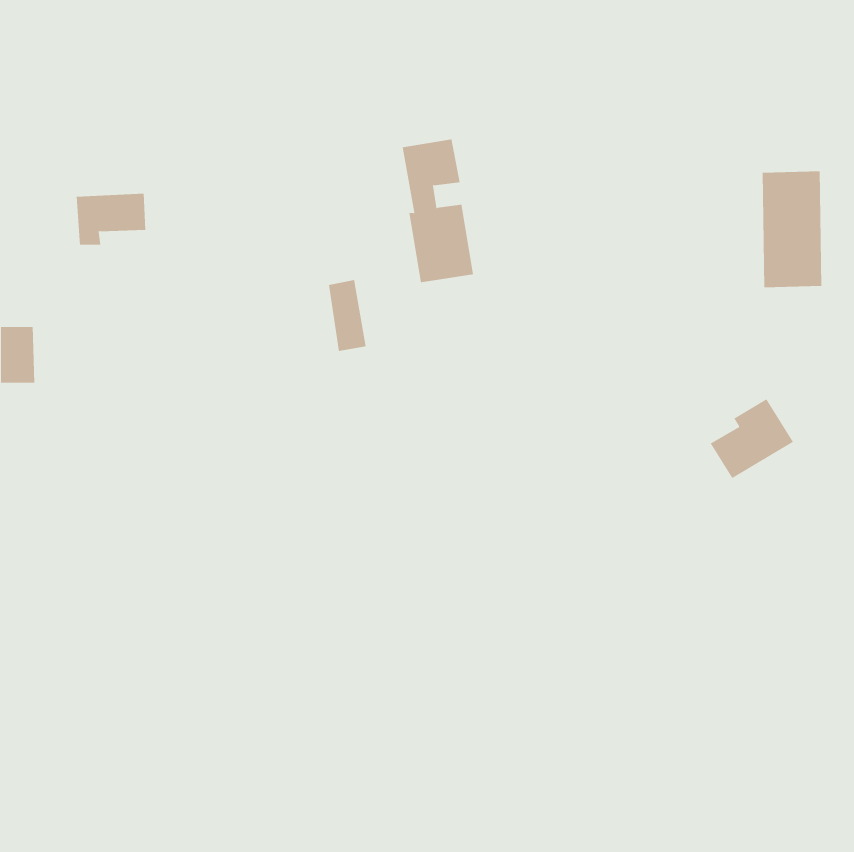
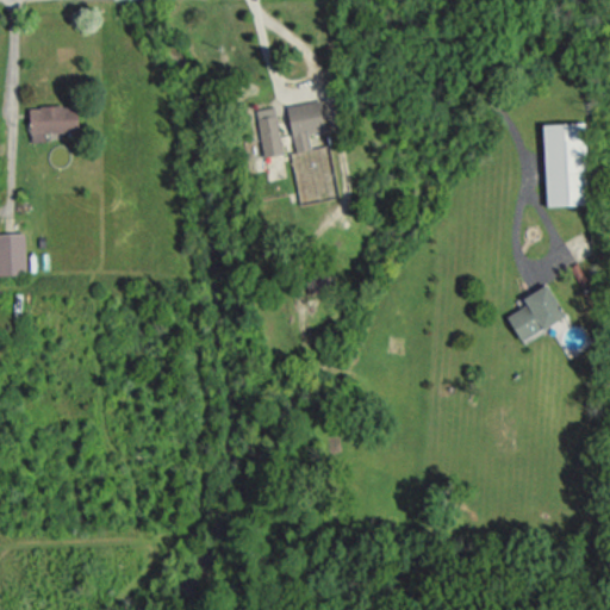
building: [76,193,146,245] -> [29,106,79,143]
building: [328,280,367,352] -> [256,107,284,158]

